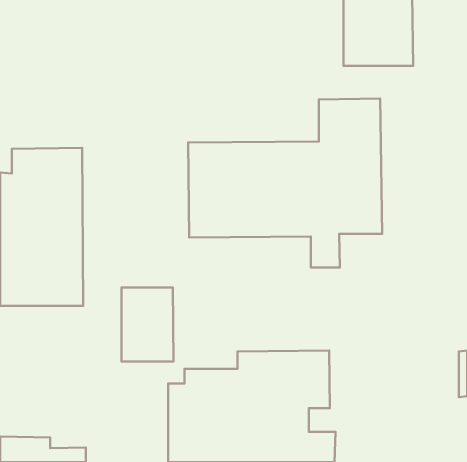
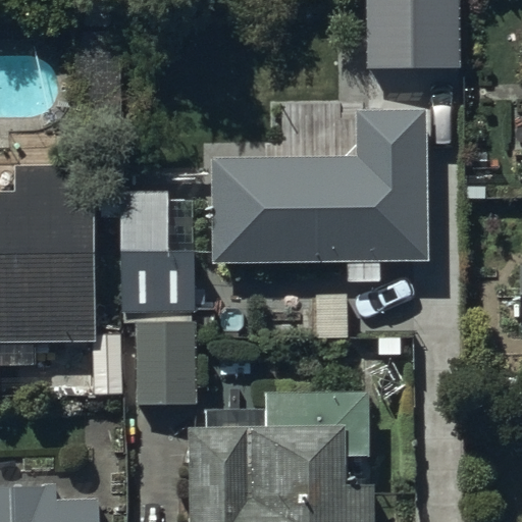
building: none -> [119,191,195,313]

